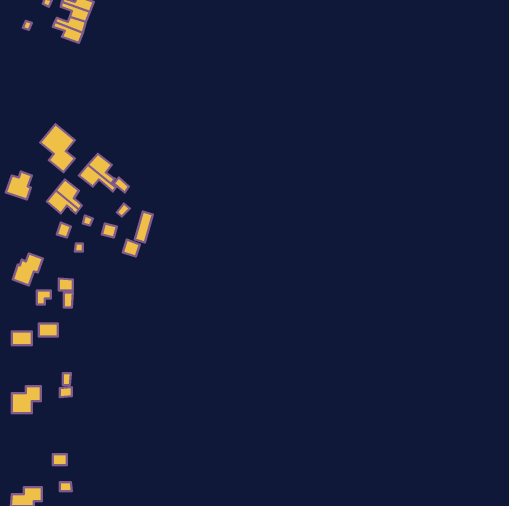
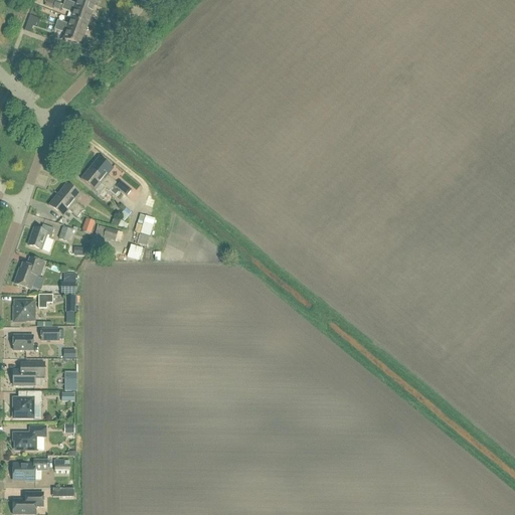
building: [40,124,75,172] -> none
building: [6,171,32,199] -> [27,222,53,250]
building: none -> [12,299,33,320]
building: none -> [12,360,43,384]
building: none -> [12,424,44,449]
building: none -> [12,459,46,480]

